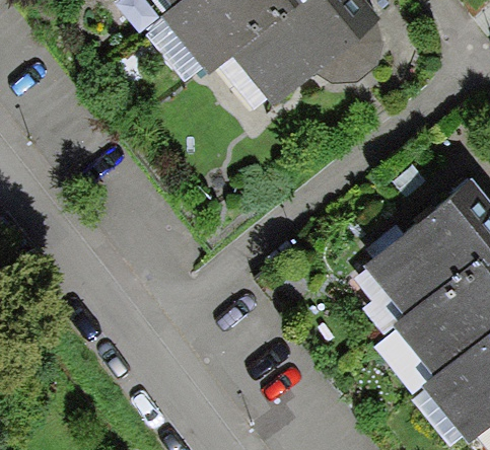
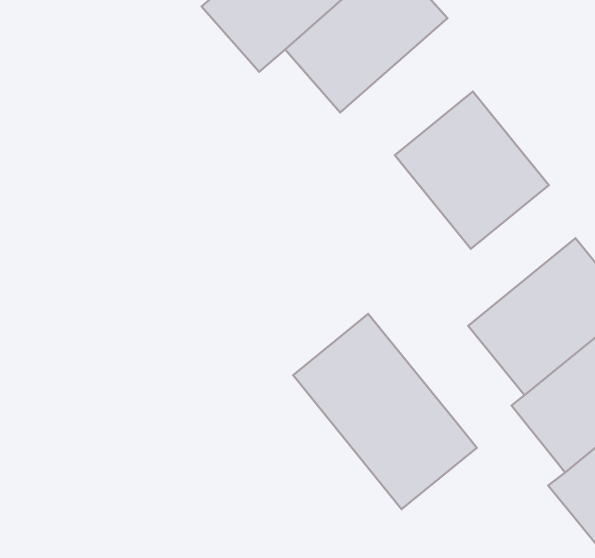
building: none -> [395,92,549,249]
building: none -> [293,314,477,509]

